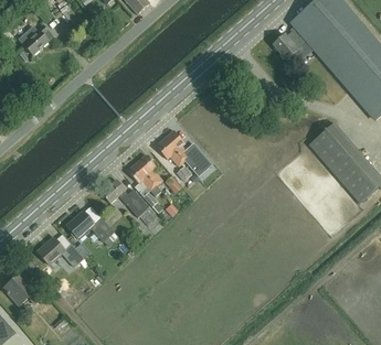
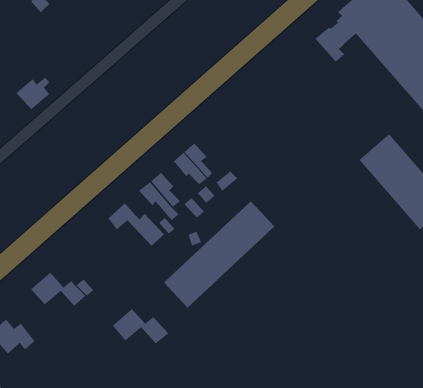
building: [18,25,46,53] -> [15,77,50,110]
building: none -> [163,200,275,309]
building: [66,211,114,240] -> [112,308,169,344]

